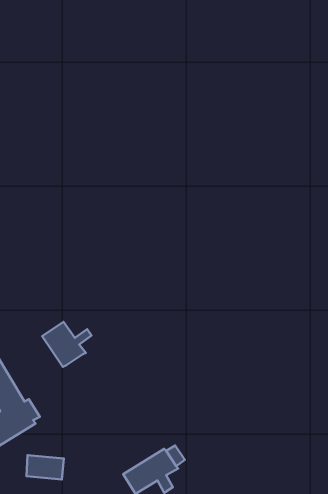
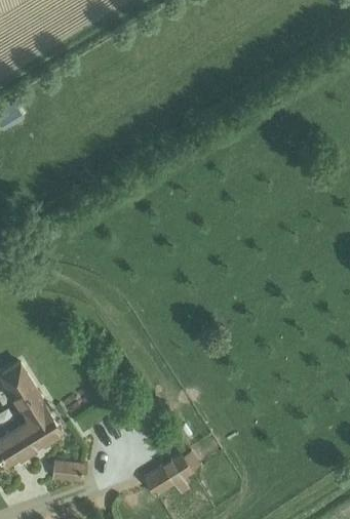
building: [42,322,92,367] -> none

